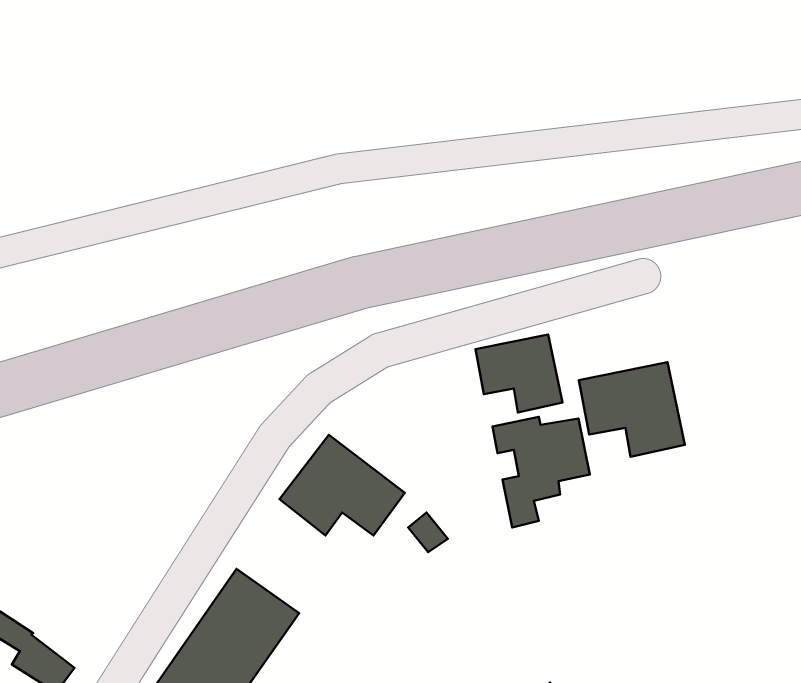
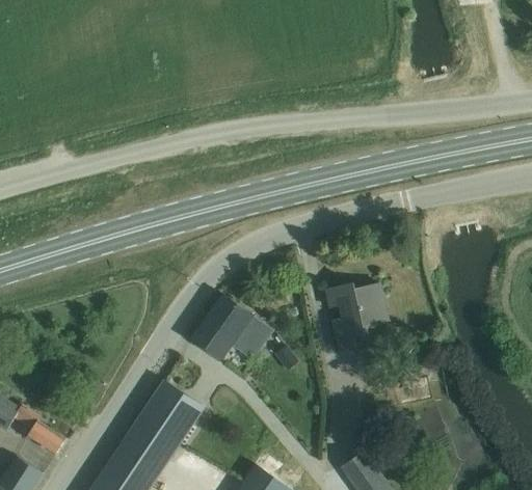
building: [476,334,563,412] -> none
building: [579,362,685,457] -> none

